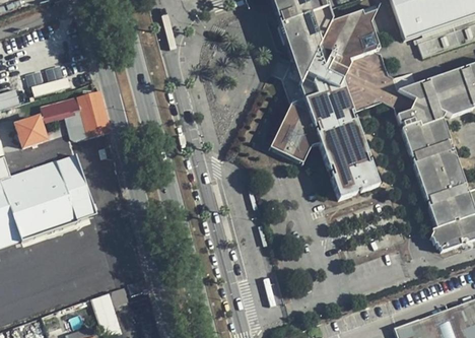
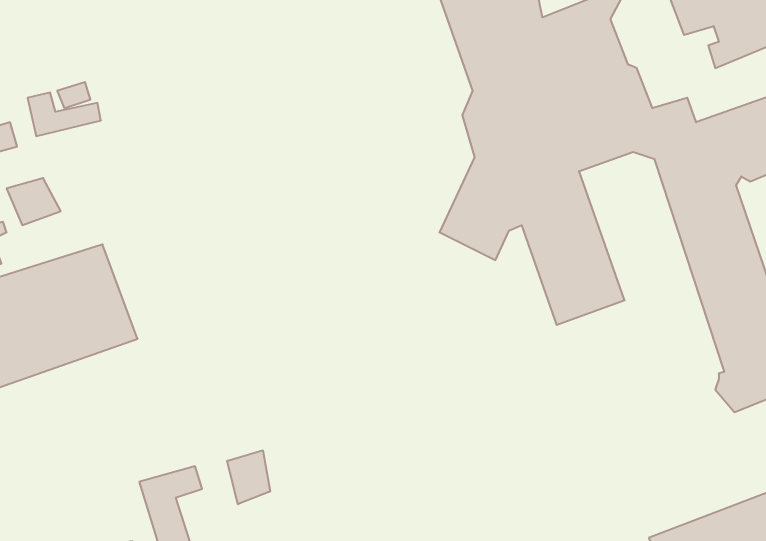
building: [45,92,110,140] -> none
building: none -> [227,450,270,504]

